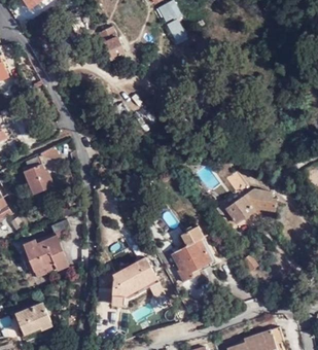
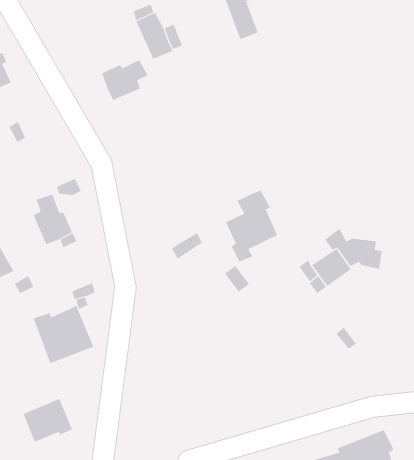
building: none -> [101,59,148,101]
building: [175,227,213,280] -> [225,189,278,262]
building: [112,256,154,304] -> none

